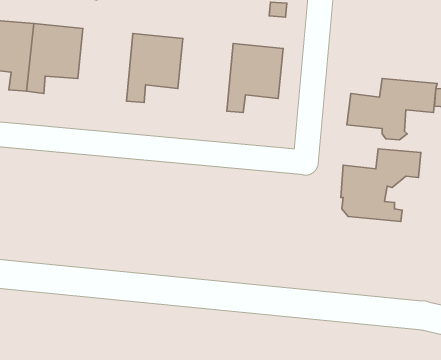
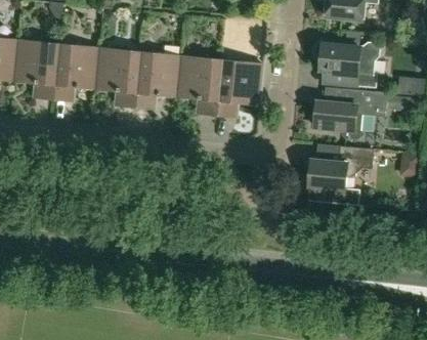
building: none -> [315,42,379,87]
building: none -> [93,47,138,107]
building: none -> [175,55,220,115]

